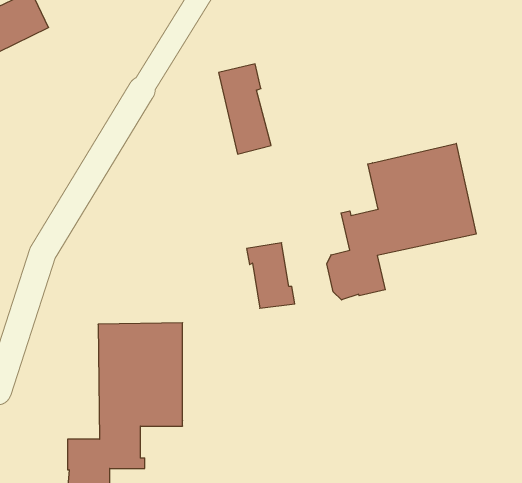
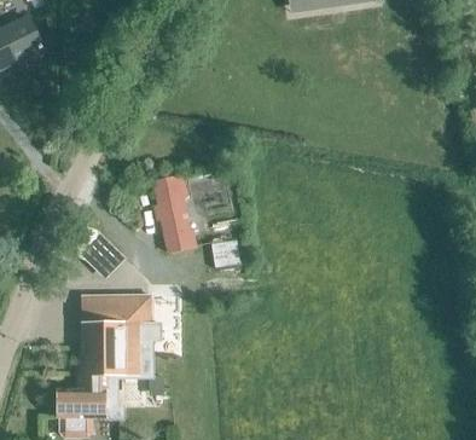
building: [219,64,271,154] -> [151,176,195,251]
building: [327,143,476,300] -> none

